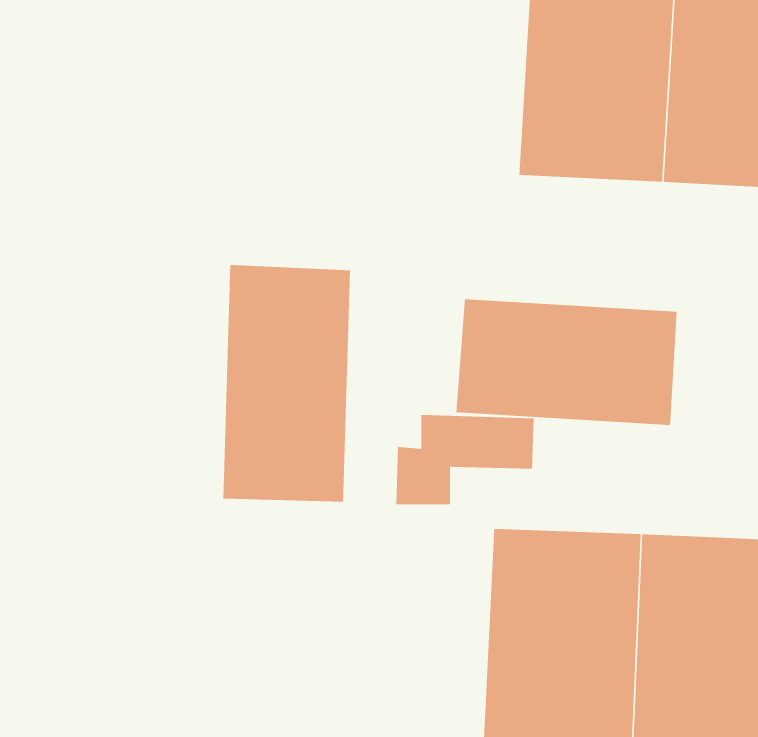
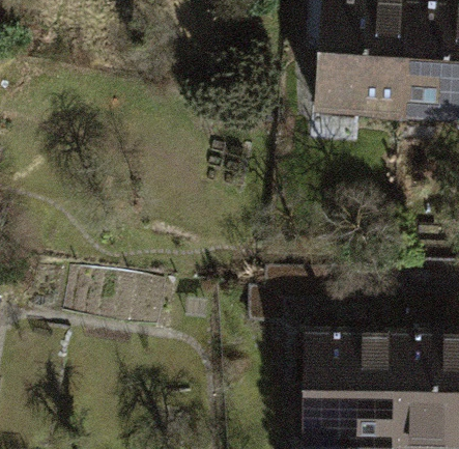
building: [222,264,351,503] -> none
building: [455,298,678,426] -> none

